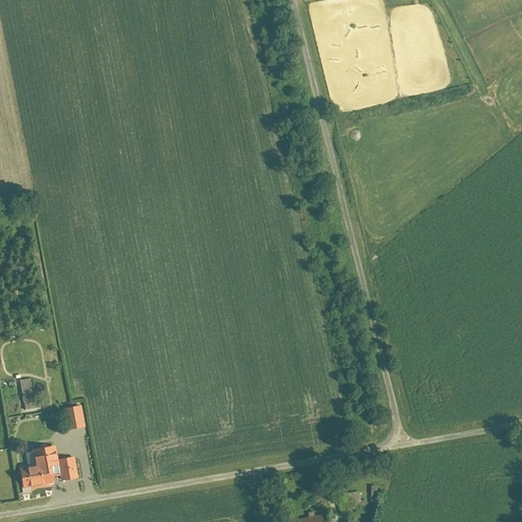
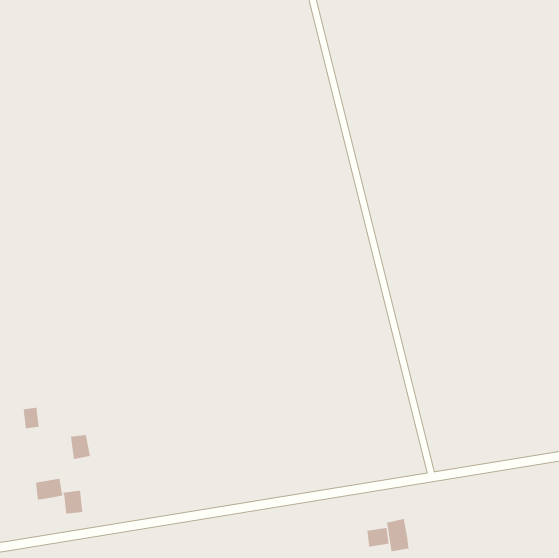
building: [20,465,52,487] -> none
building: none -> [386,518,409,552]

